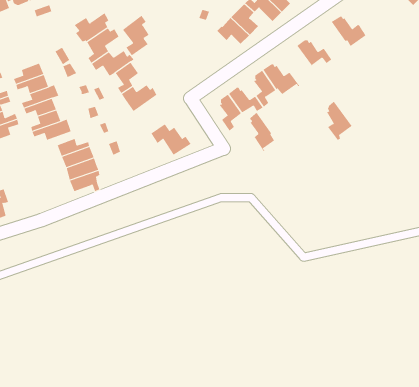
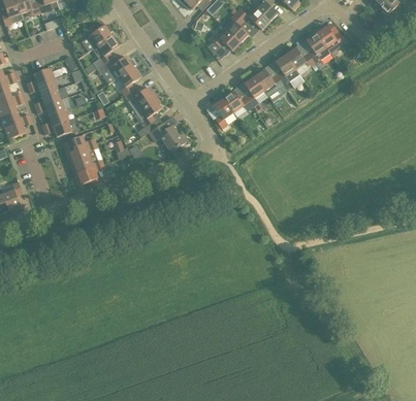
building: [122,15,150,56] -> none
building: none -> [306,30,330,64]
building: none -> [135,96,162,127]
building: [326,101,352,141] -> [276,52,299,88]
building: [250,112,275,152] -> none

